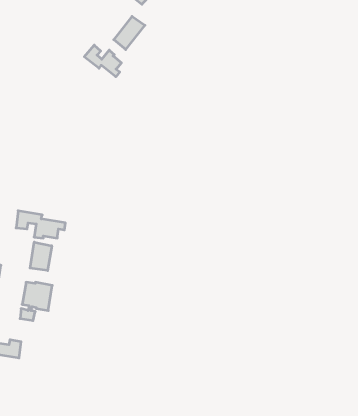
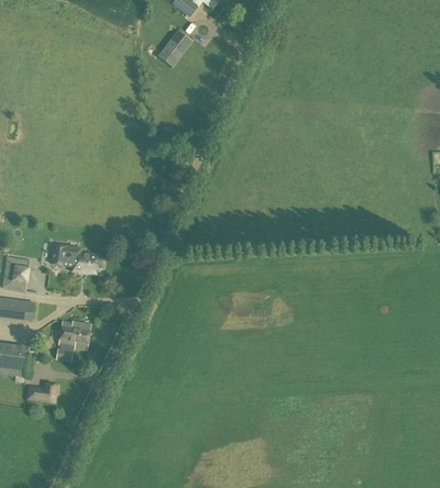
building: [84,45,121,77] -> none
building: [30,242,52,271] -> none

